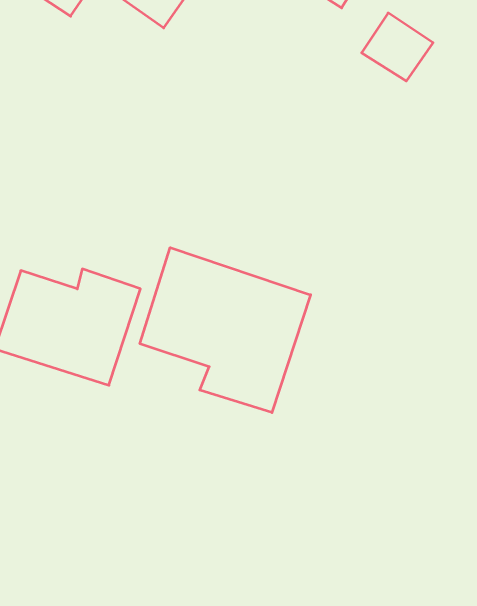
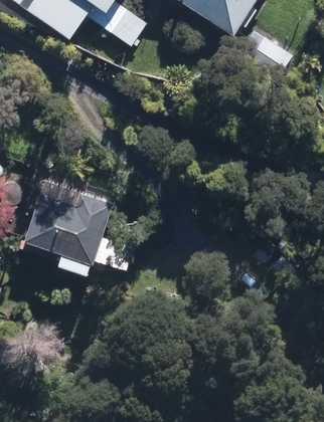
building: [140,248,311,413] -> none

